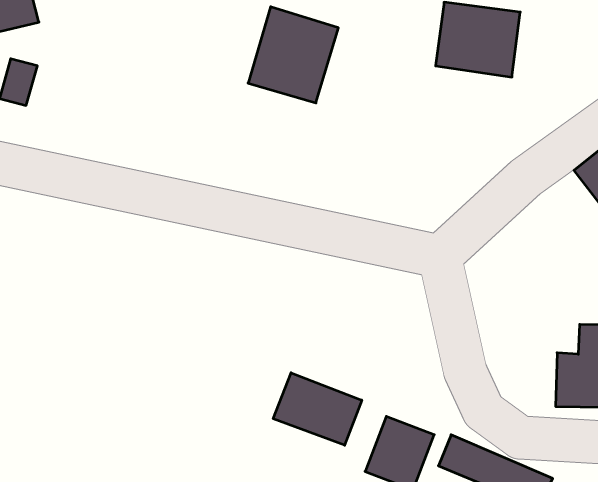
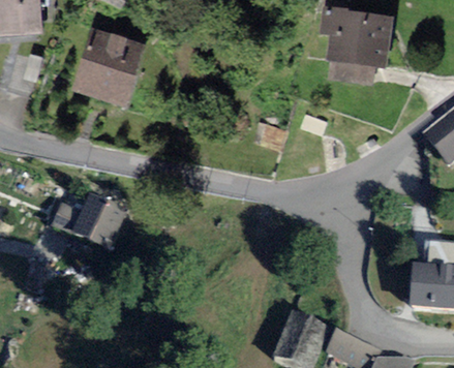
building: [248,7,338,103] -> [77,33,143,103]
building: none -> [51,192,116,240]
building: [273,373,362,445] -> none

